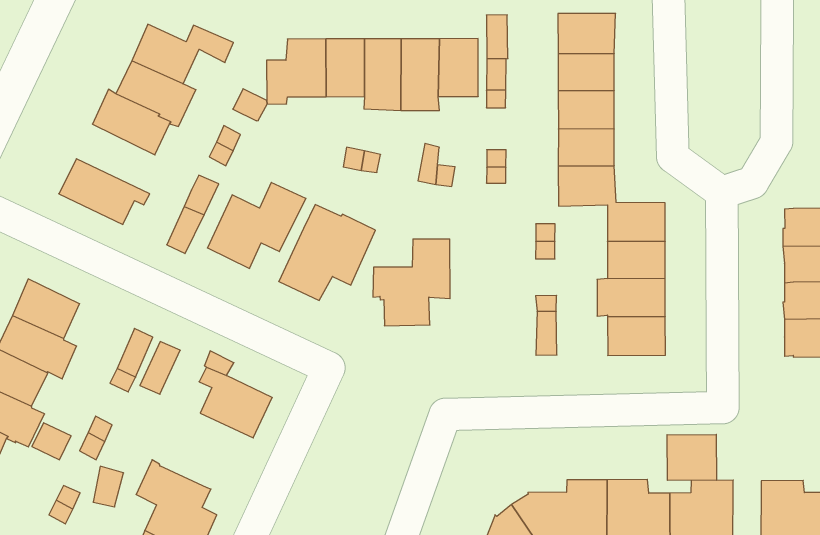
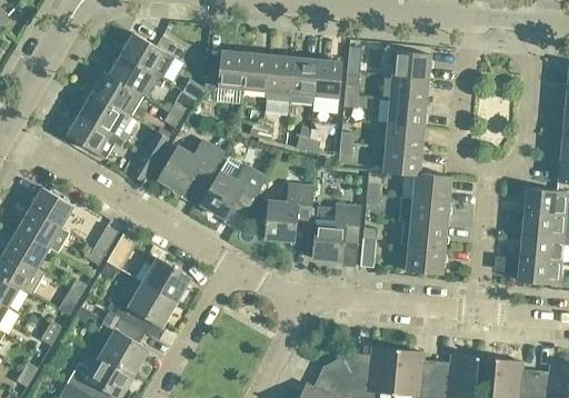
building: none -> [80,92,131,140]
building: none -> [313,205,360,261]
building: none -> [114,282,176,330]
building: [667,434,717,480] -> none

